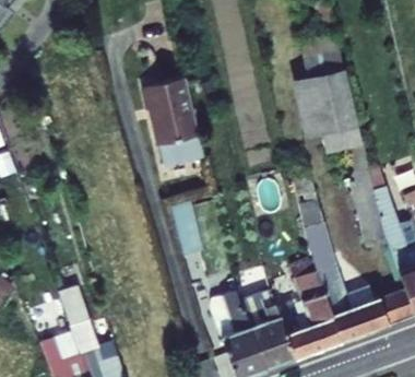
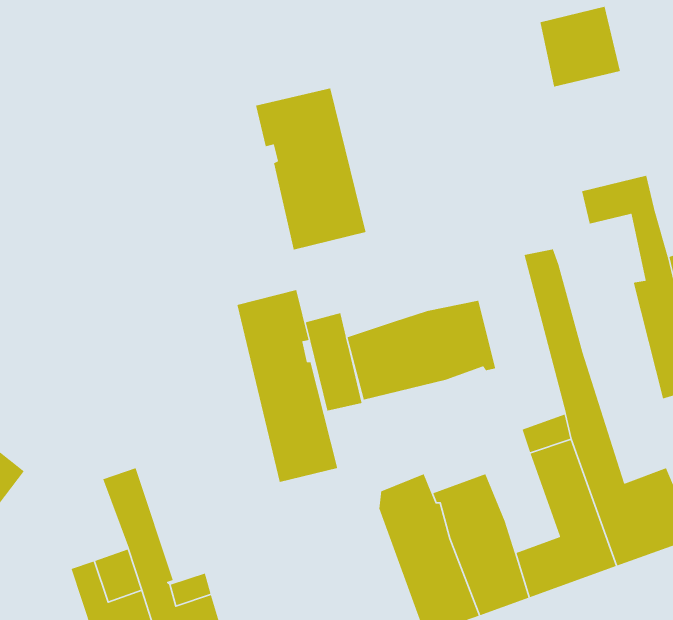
building: [289,70,357,140] -> none
building: none -> [237,289,338,483]
building: none -> [347,300,496,401]

